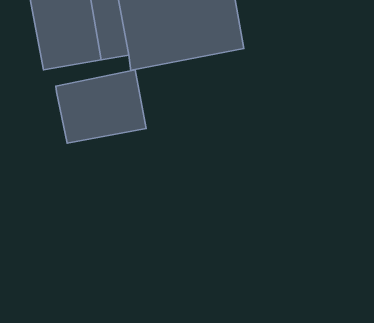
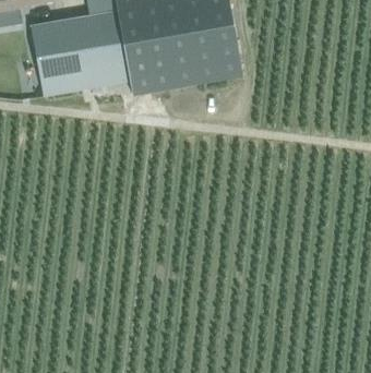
building: [56,70,146,143] -> none

